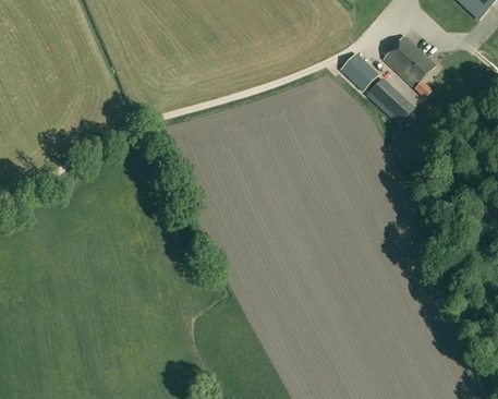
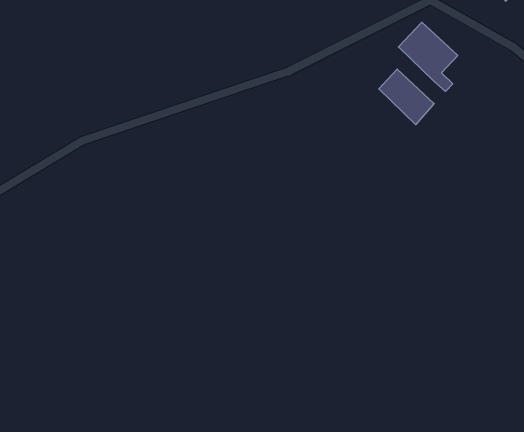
building: [341,53,378,90] -> none

